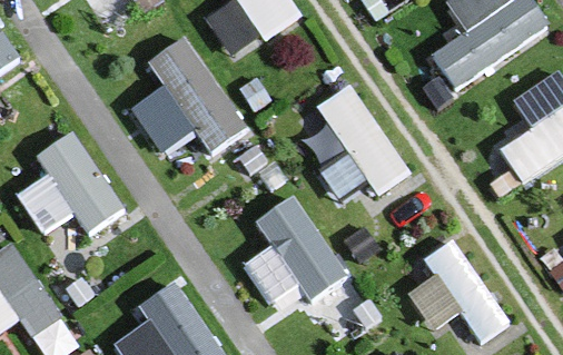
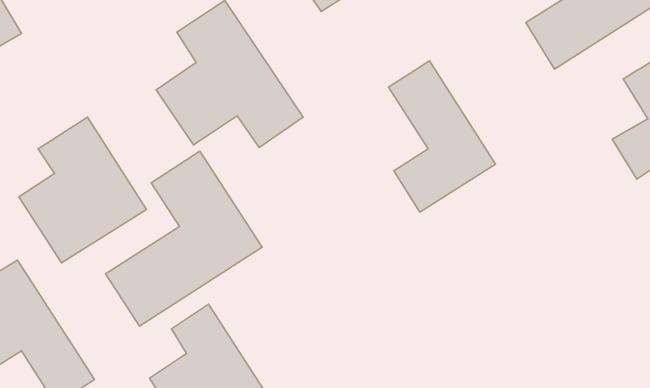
building: none -> [105,151,262,326]
building: [244,195,347,318] -> none
building: [404,249,503,341] -> none

